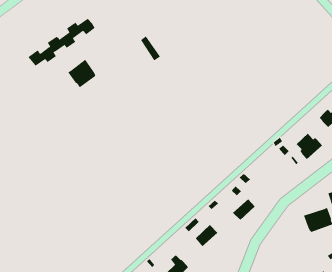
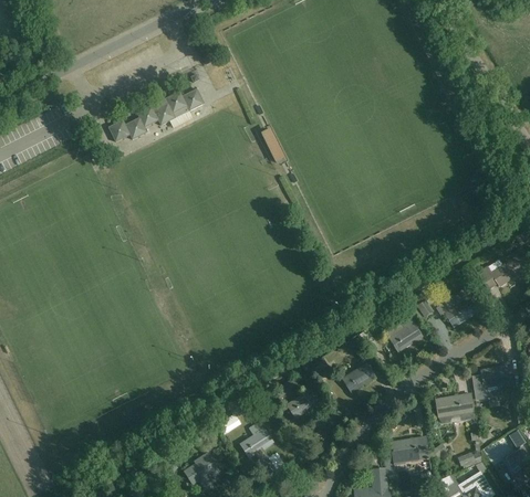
building: [67,59,96,88] -> none
building: none -> [388,309,422,352]
building: none -> [391,437,428,465]

